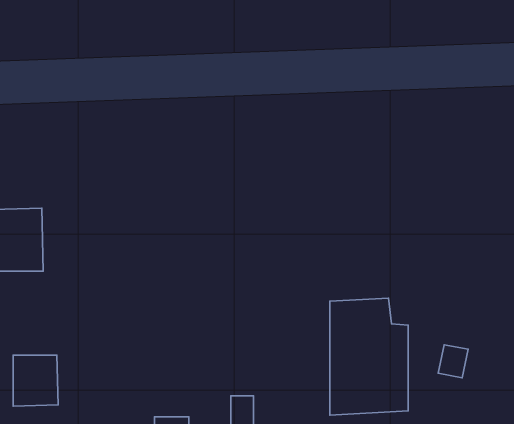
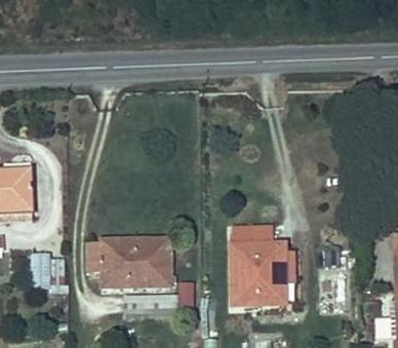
building: none -> [89,236,171,286]

